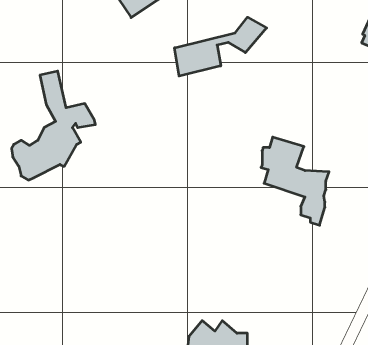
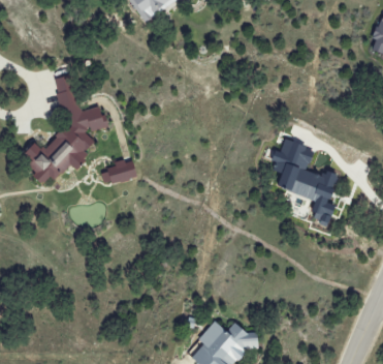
building: [175,17,267,76] -> none
building: none -> [101,158,137,184]

